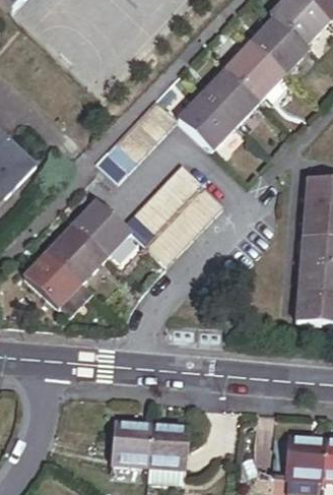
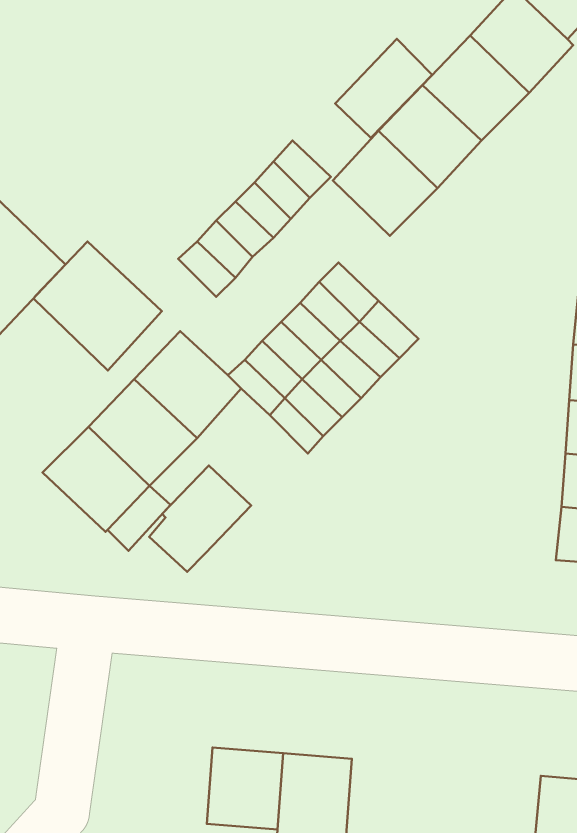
building: none -> [335,39,432,138]
building: none -> [33,241,162,371]
building: none -> [149,465,251,572]

